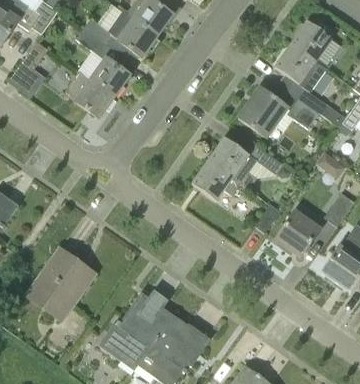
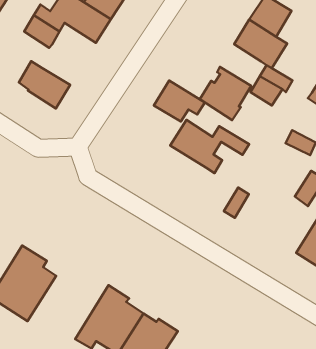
building: [88,56,130,97] -> none
building: [191,161,240,201] -> [154,81,205,122]
building: [275,210,320,256] -> none

